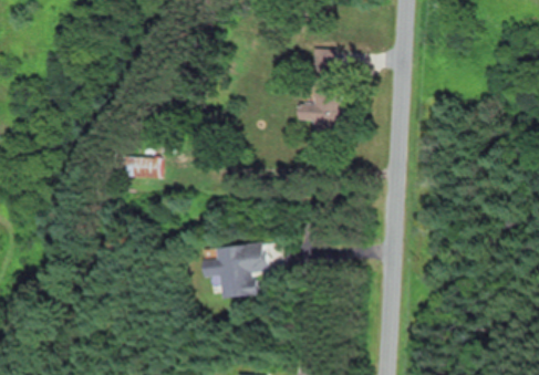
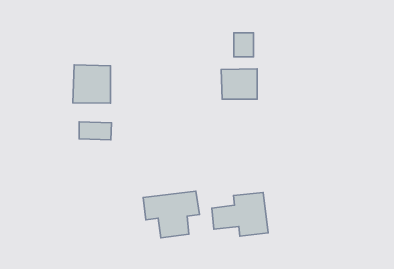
building: none -> [73,65,111,103]
building: none -> [212,193,268,236]

